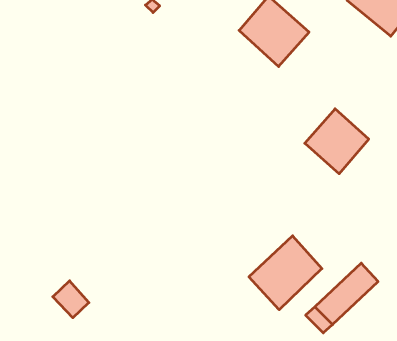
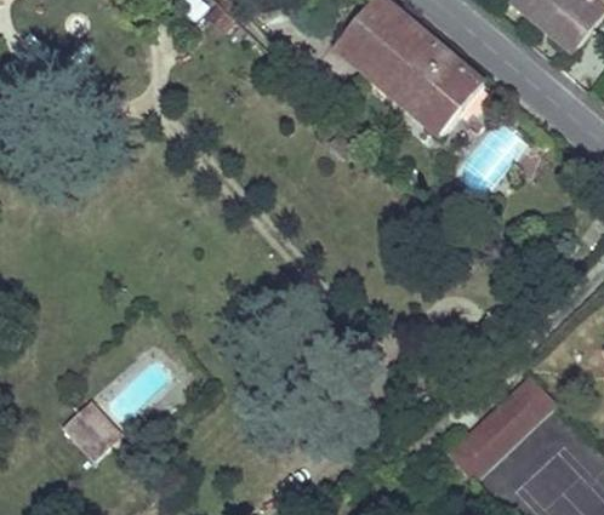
building: [305,109,369,174] -> [405,50,497,143]
building: [249,236,322,310] -> none

